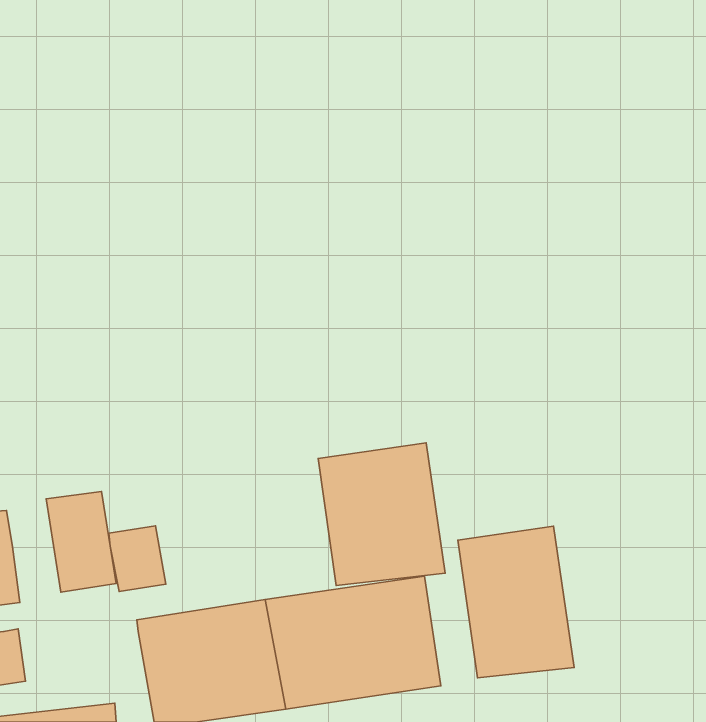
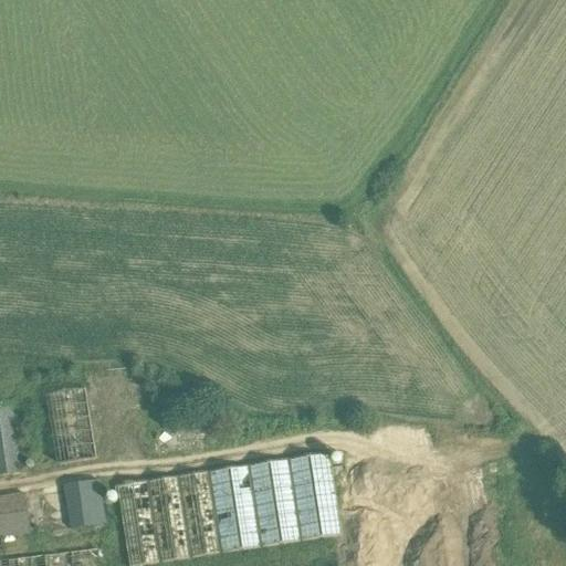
building: [318,443,445,586] -> none
building: [109,526,166,592] -> [60,479,103,528]
building: [458,526,574,678] -> none

